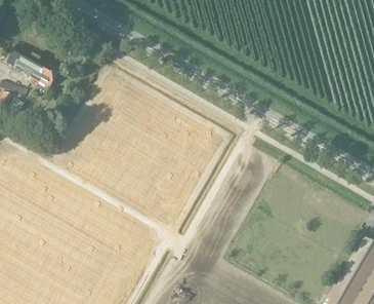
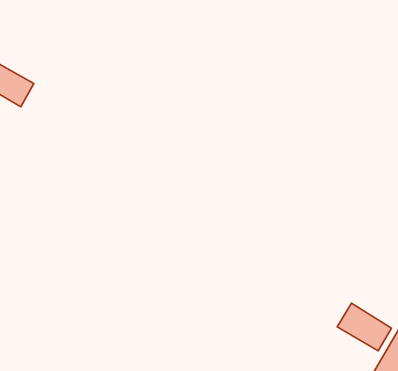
building: none -> [337,303,391,351]

